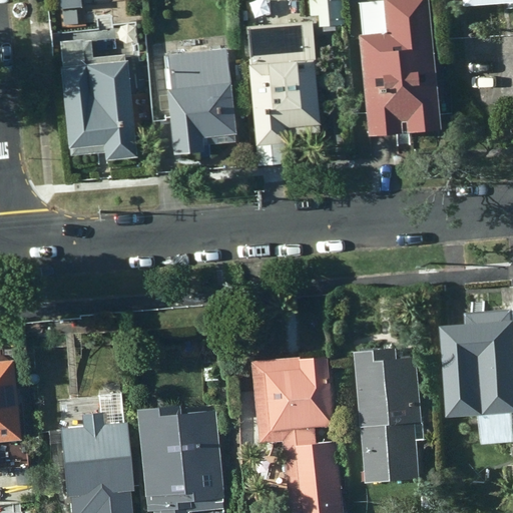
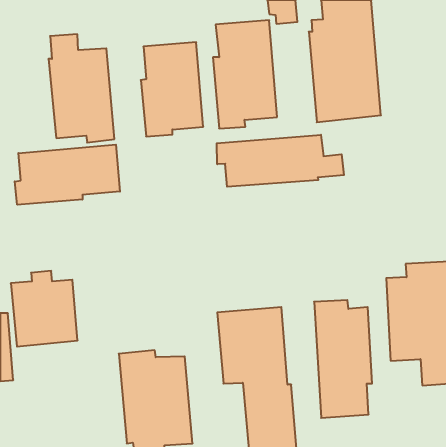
building: none -> [217,135,344,187]
building: none -> [15,145,120,205]
building: [57,410,133,496] -> [11,271,78,347]

